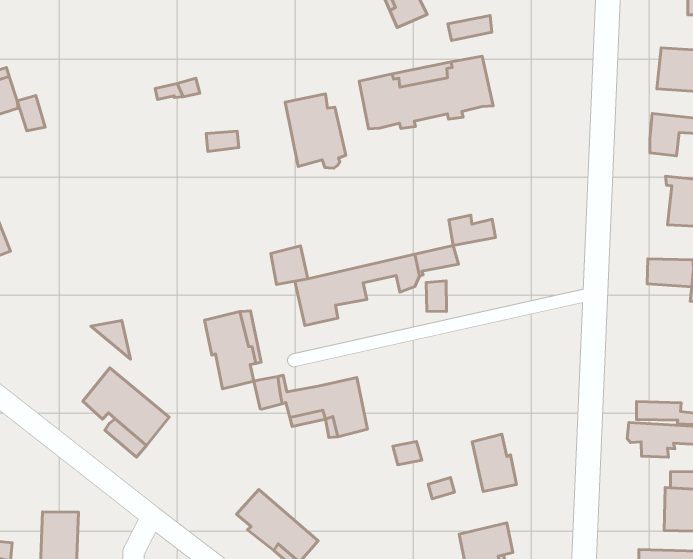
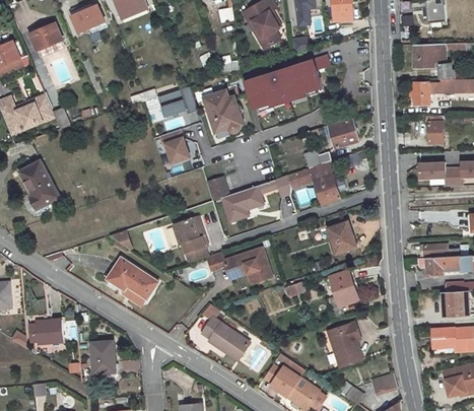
building: none -> [158,86,198,117]
building: none -> [160,130,190,163]
building: none -> [329,120,358,147]
building: none -> [314,175,340,205]
building: none -> [329,222,355,254]

